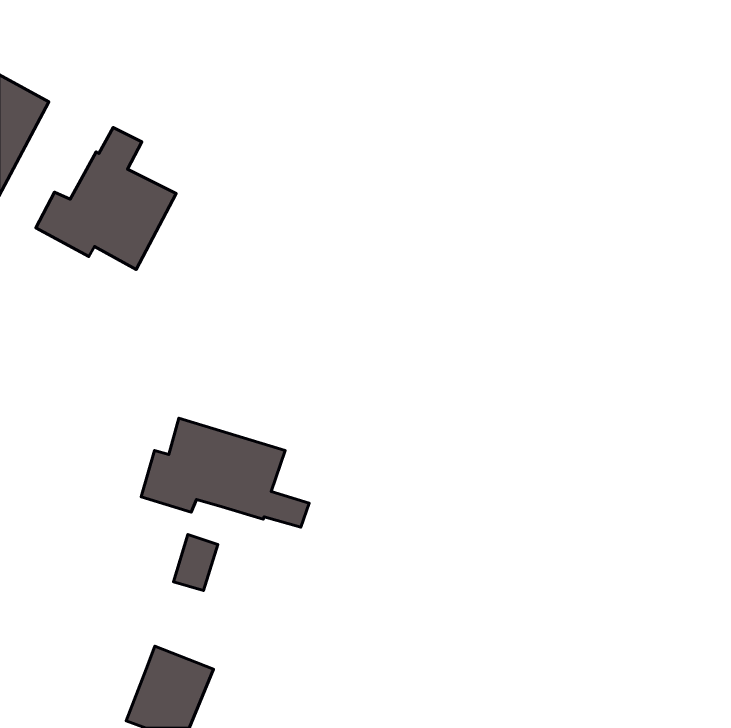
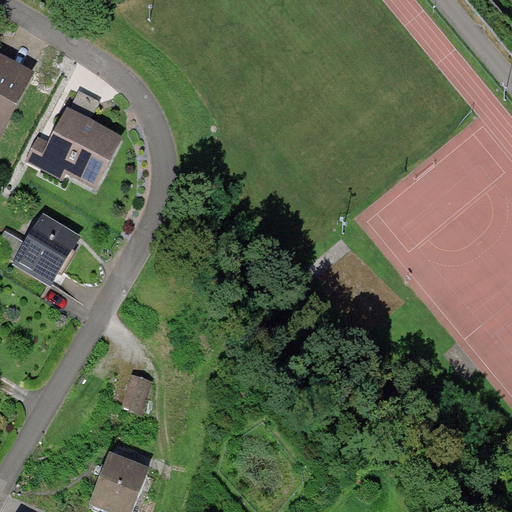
building: none -> [12,212,81,285]
building: [141,418,309,527] -> none

